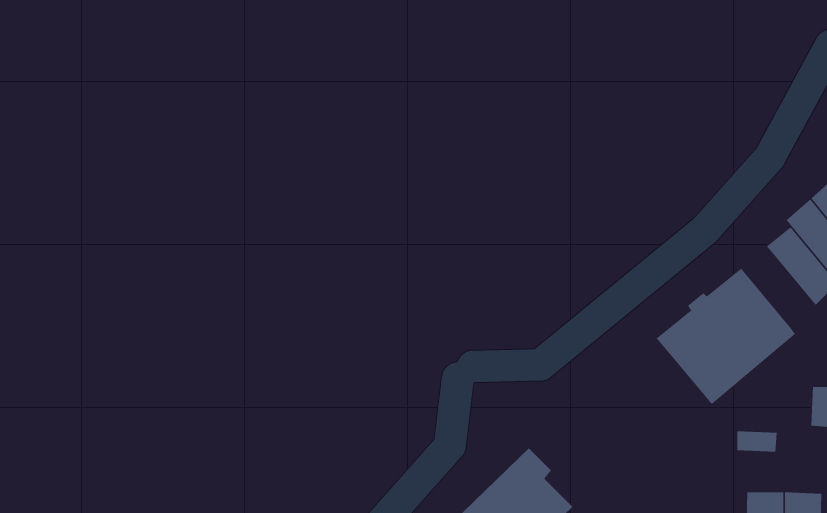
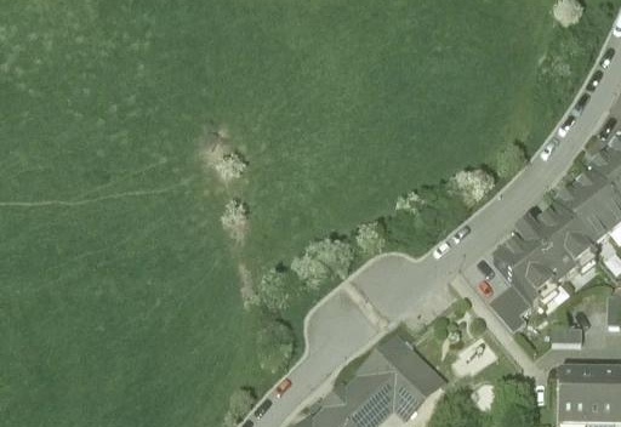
building: none -> [556,190,610,250]
building: none -> [488,281,531,332]

